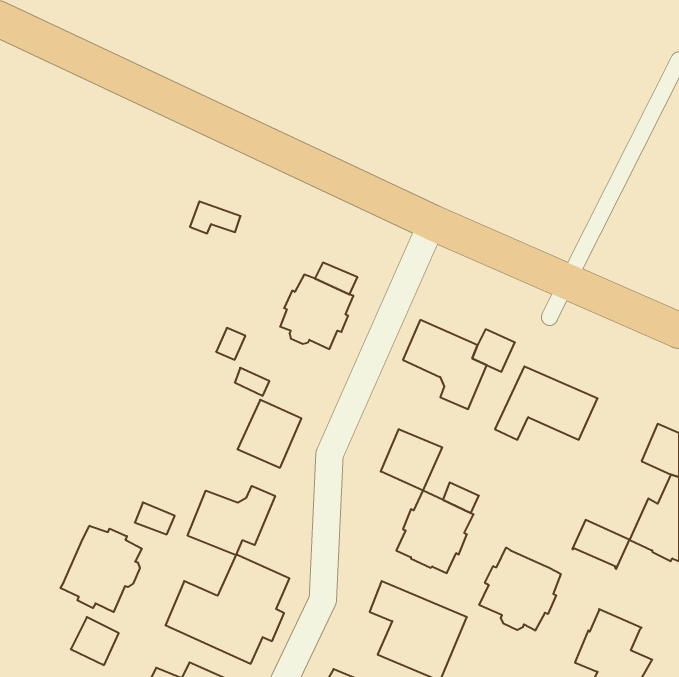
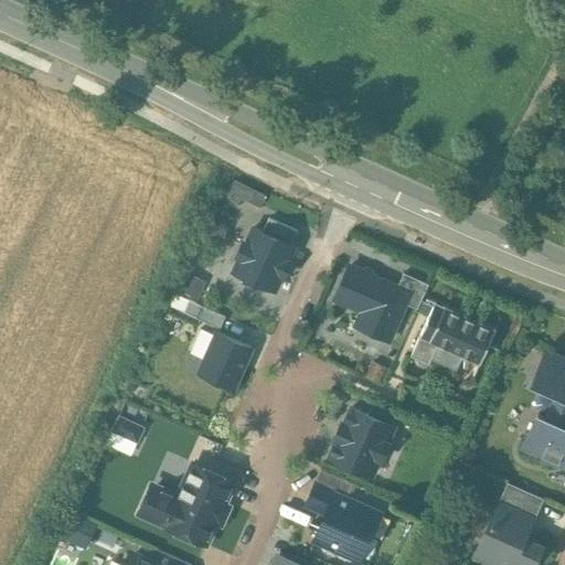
building: [190,201,241,233] -> [222,181,264,207]
building: [381,429,442,490] -> none
building: [188,486,275,555] -> none
building: [572,520,630,569] -> [494,484,542,525]
building: [61,526,142,612] -> none
building: [479,548,561,631] -> none

